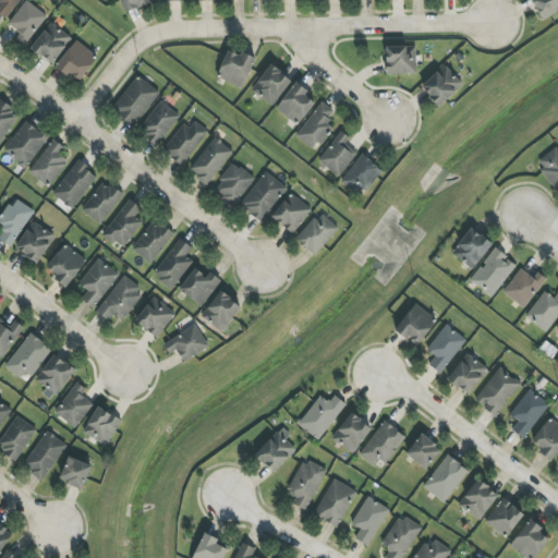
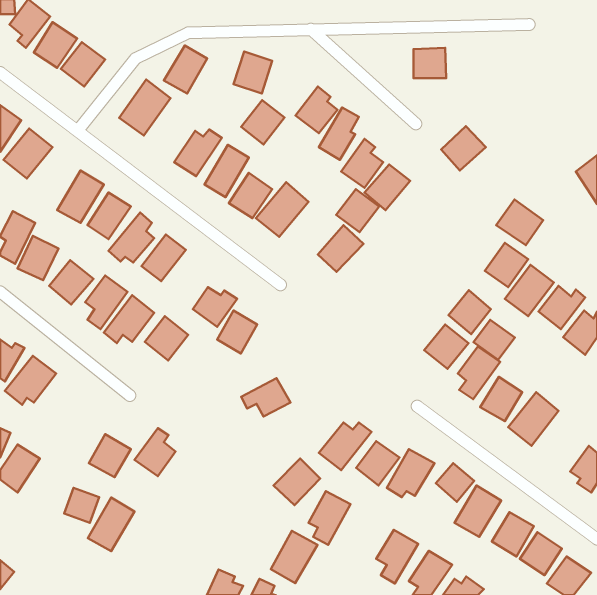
building: [252,63,292,105] -> [241,100,285,144]
building: [422,64,463,106] -> [441,126,486,170]
building: [138,100,179,145] -> [164,46,207,93]
building: [28,138,69,186] -> none
building: none -> [496,199,543,245]
building: [271,192,312,232] -> [336,189,379,232]
building: [154,238,193,288] -> none
building: none -> [448,290,491,334]
building: none -> [473,320,515,360]
building: [163,325,209,361] -> [241,378,290,417]
building: [34,353,75,397] -> none
building: [54,381,93,426] -> [134,428,175,476]
building: [509,388,549,437] -> none
building: [23,429,66,480] -> [88,497,134,551]
building: [314,477,357,526] -> [271,531,318,583]

